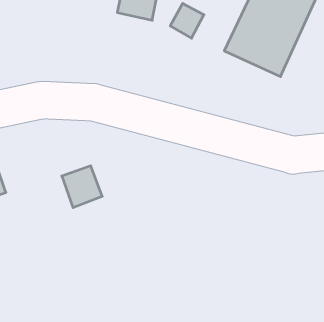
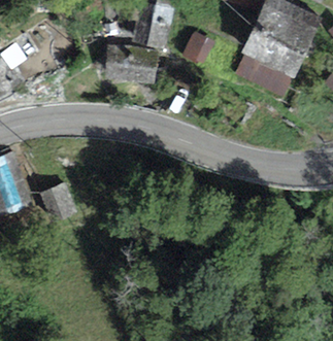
building: none -> [105,47,158,81]
building: [62,166,102,208] -> [39,182,76,220]

